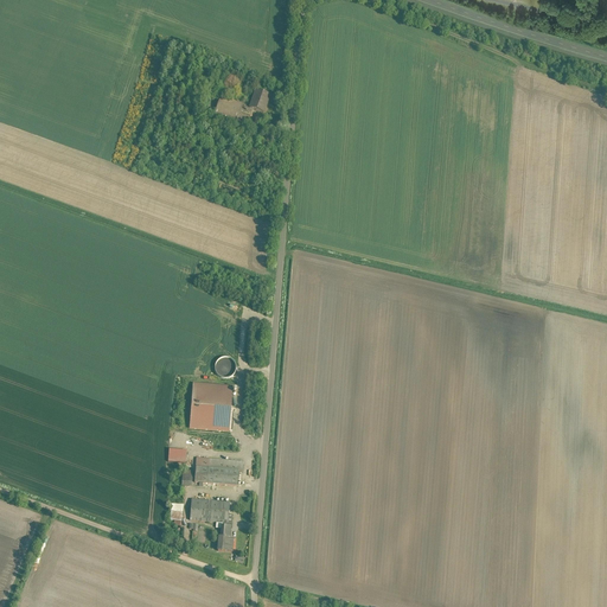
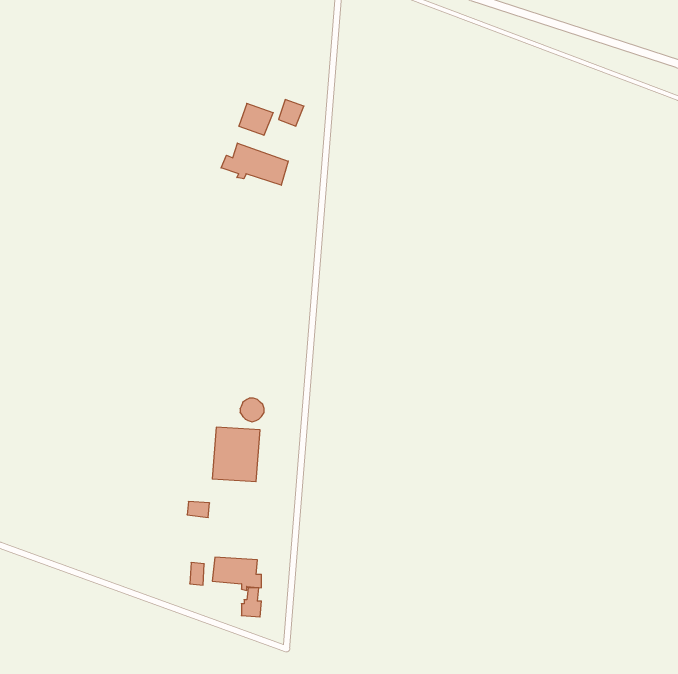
building: none -> [221,143,288,185]
building: [194,455,244,485] -> none

